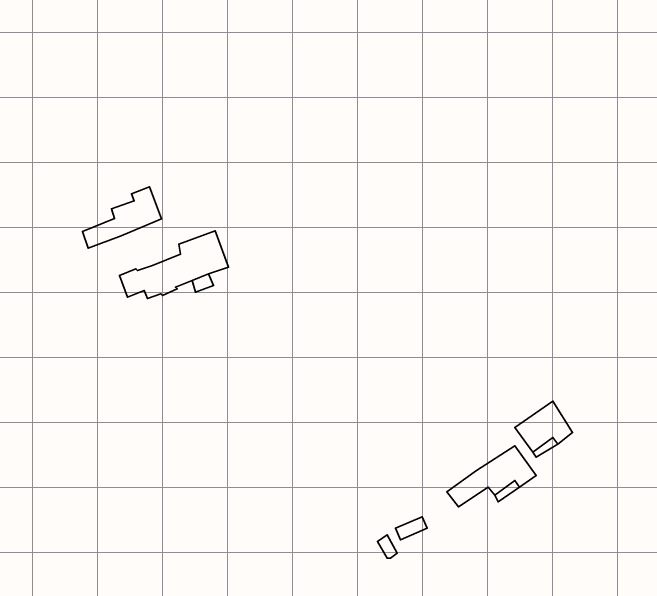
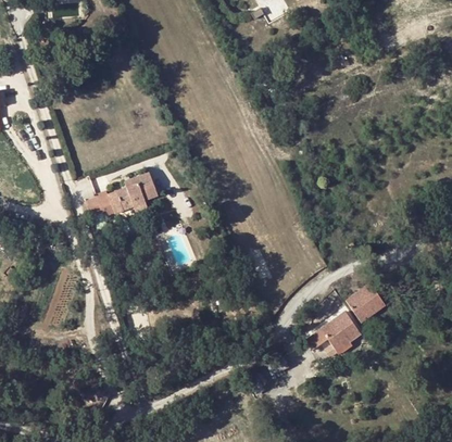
building: [83,187,161,248] -> none

